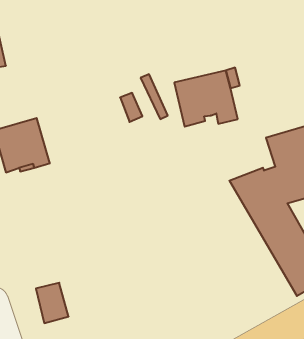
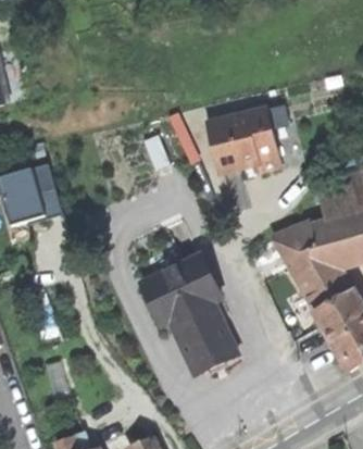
building: none -> [142,254,237,375]

